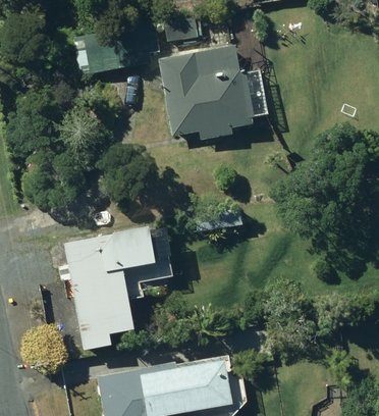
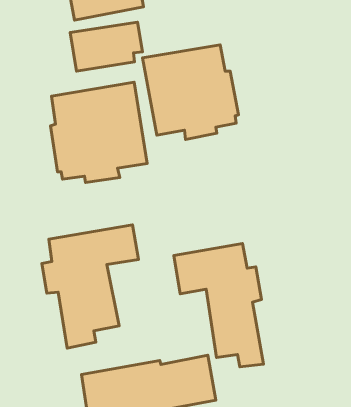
building: none -> [50,82,147,182]
building: none -> [174,243,264,367]

